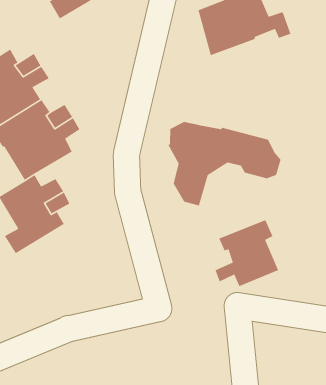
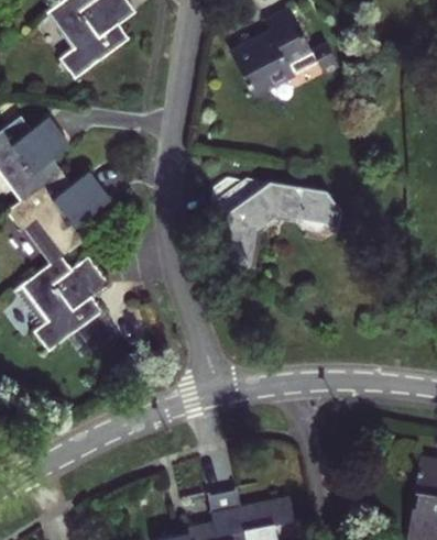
building: [214,219,279,287] -> none

